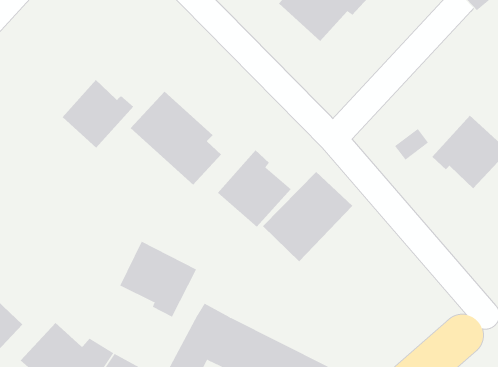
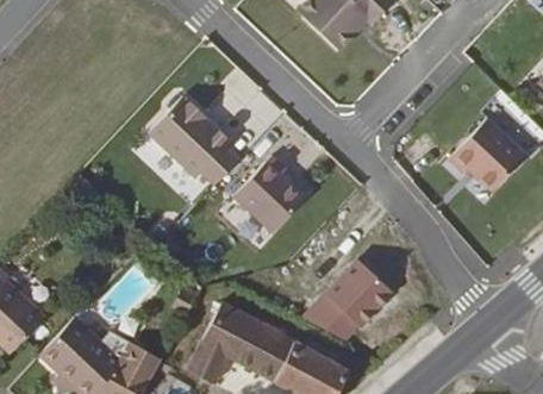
building: [62,79,134,149] -> none
building: [262,171,353,262] -> [314,248,405,338]
building: [120,241,197,317] -> none

